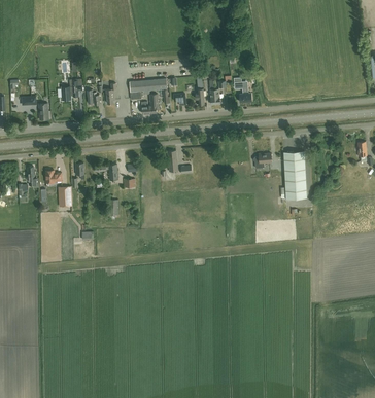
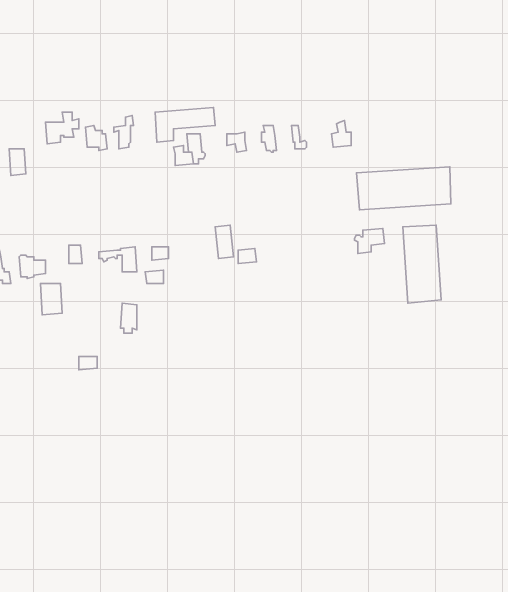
building: none -> [357,167,451,210]

